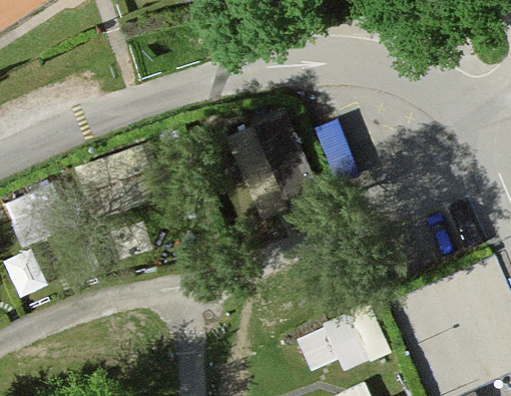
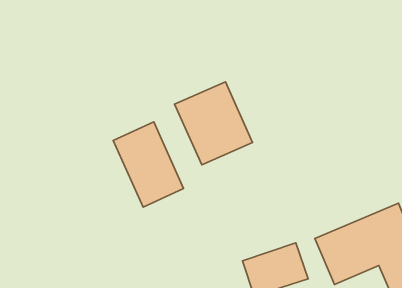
building: none -> [113,122,184,207]

